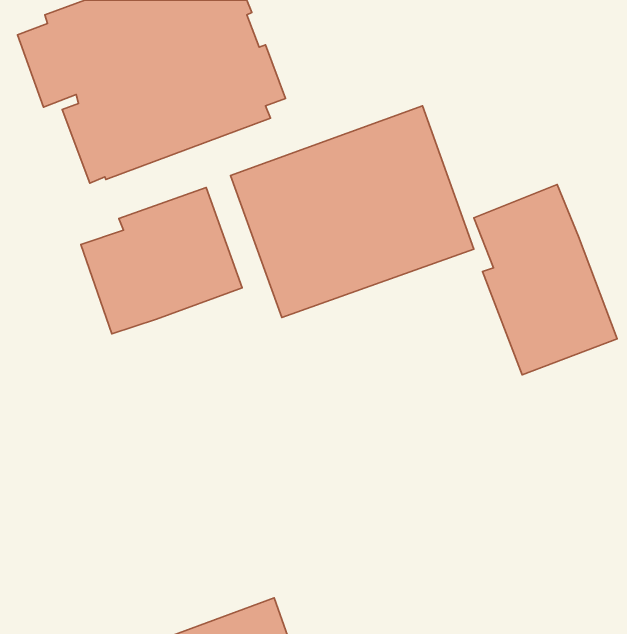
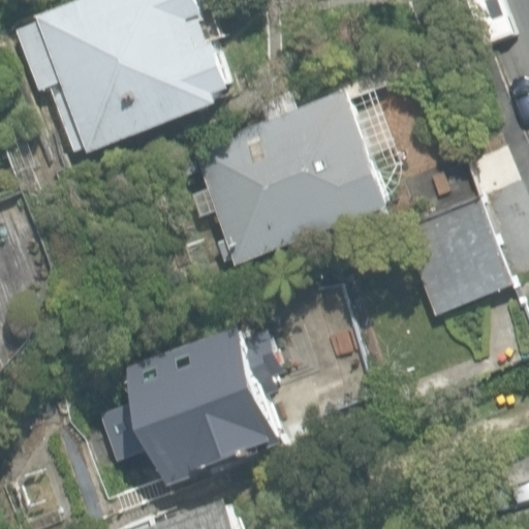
building: [81,188,242,334] -> none
building: none -> [96,324,288,480]

